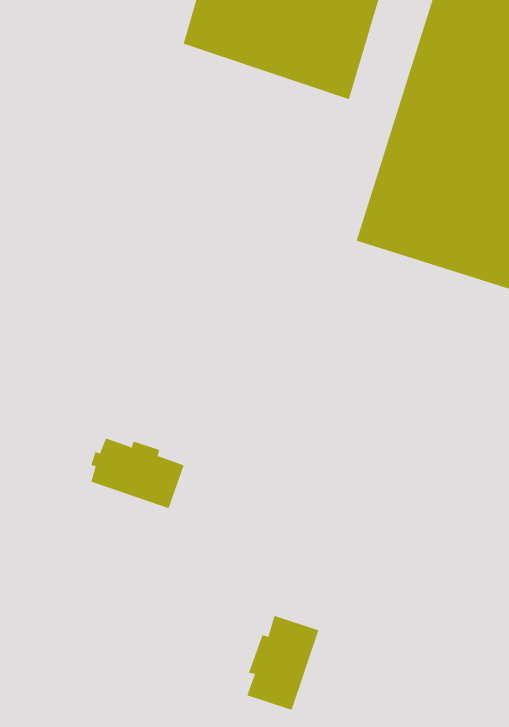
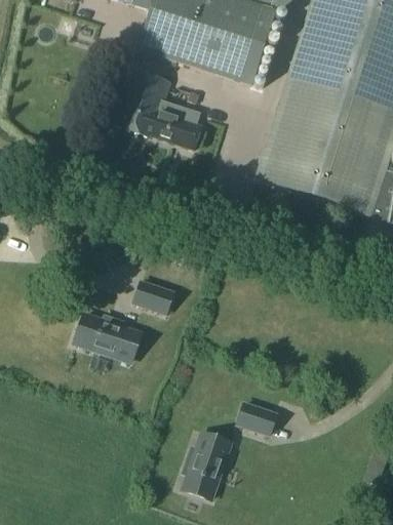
building: none -> [107,70,203,150]
building: none -> [135,280,173,312]
building: none -> [239,402,277,434]

